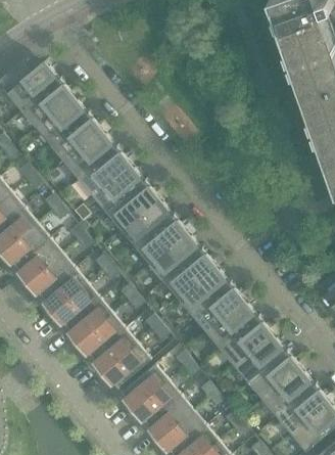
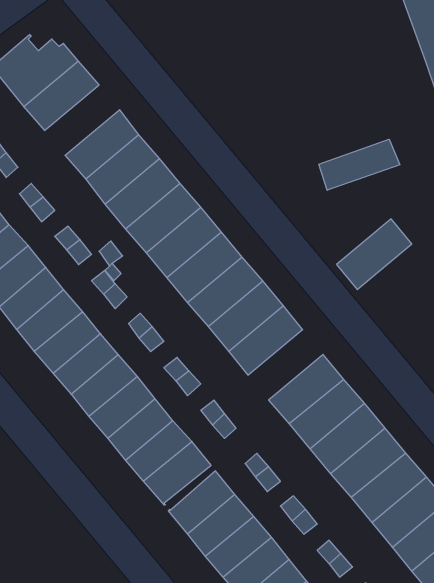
building: [36,96,88,145] -> none
building: none -> [319,139,400,190]
building: [177,266,229,315] -> [337,219,412,290]

